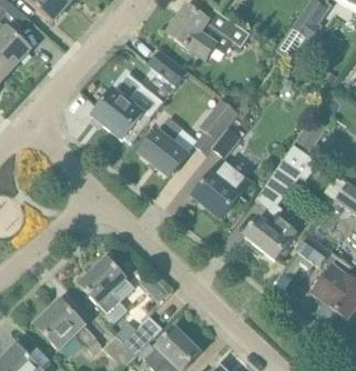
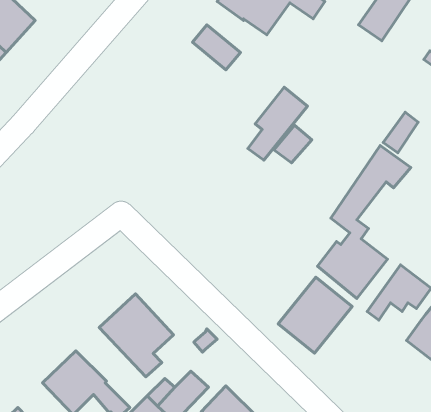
building: [92,73,163,143] -> none
building: [140,117,187,177] -> none
building: [193,159,250,217] -> [278,277,352,353]

